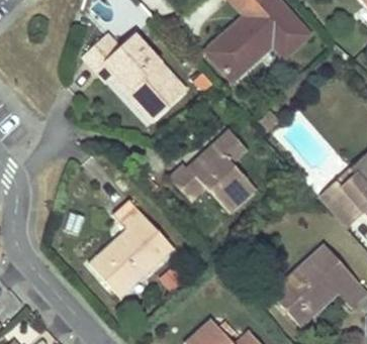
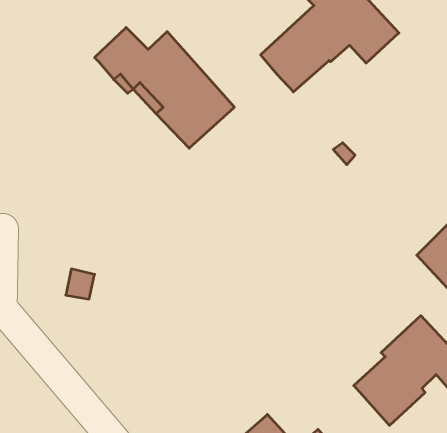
building: [167,128,254,210] -> none
building: [90,198,173,290] -> none

